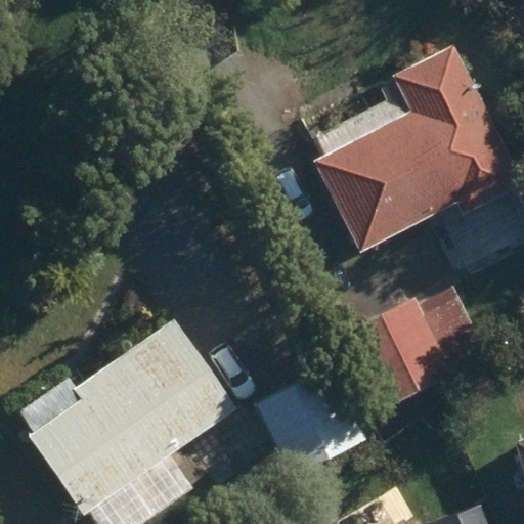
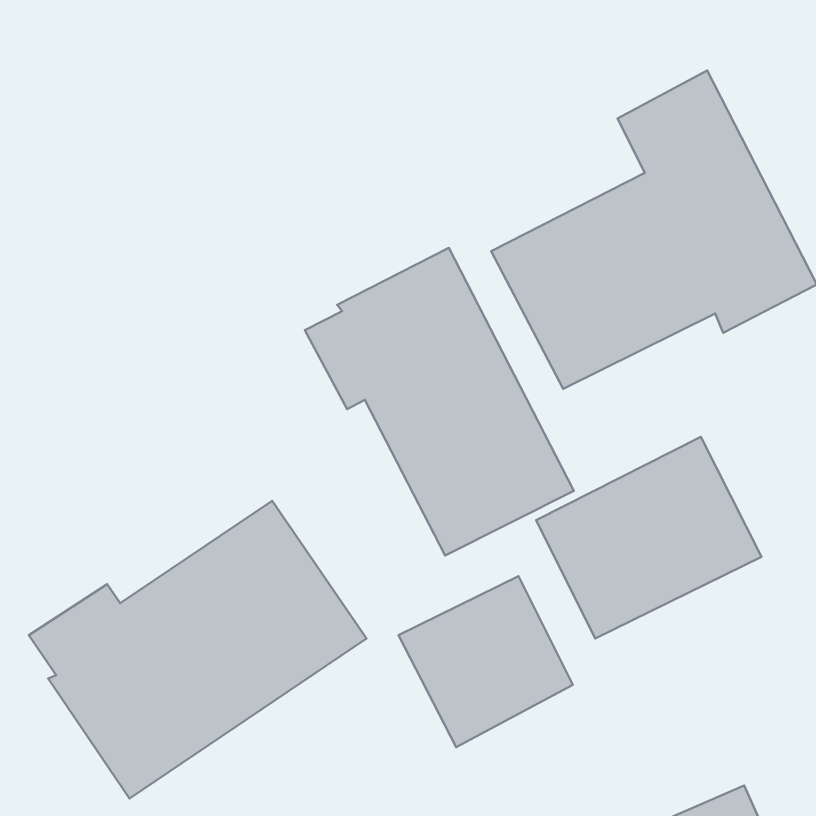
building: none -> [305,248,574,556]

